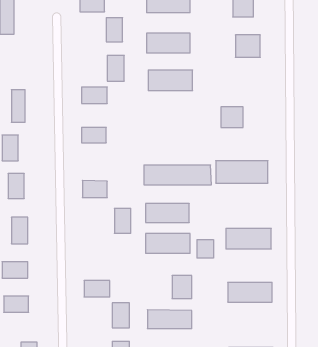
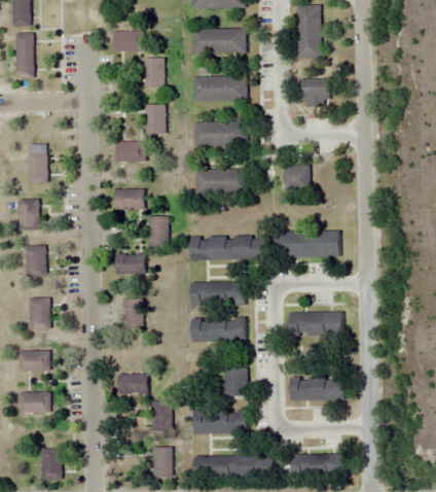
building: none -> [195,170,248,194]
building: none -> [148,217,168,246]
building: [114,208,131,233] -> [123,300,143,329]
building: [197,240,213,258] -> none

